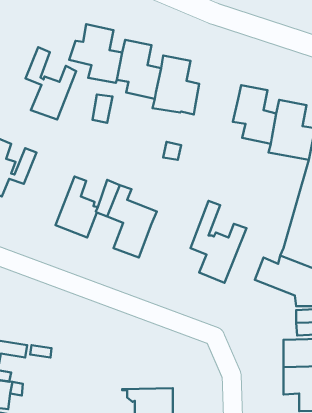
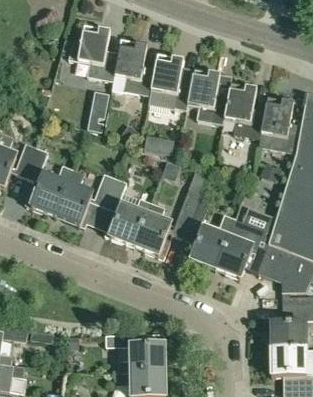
building: [26,47,76,120] -> [25,147,73,216]
building: none -> [187,69,228,124]
building: none -> [134,189,200,259]
building: none -> [215,207,274,281]
building: none -> [106,334,166,372]

